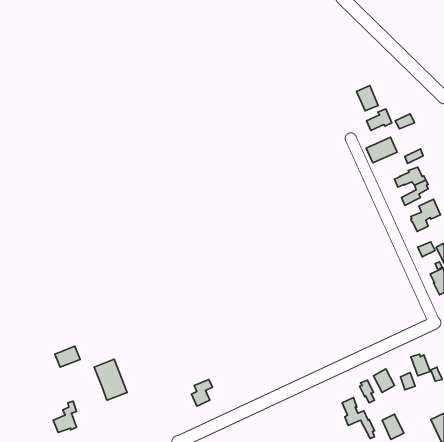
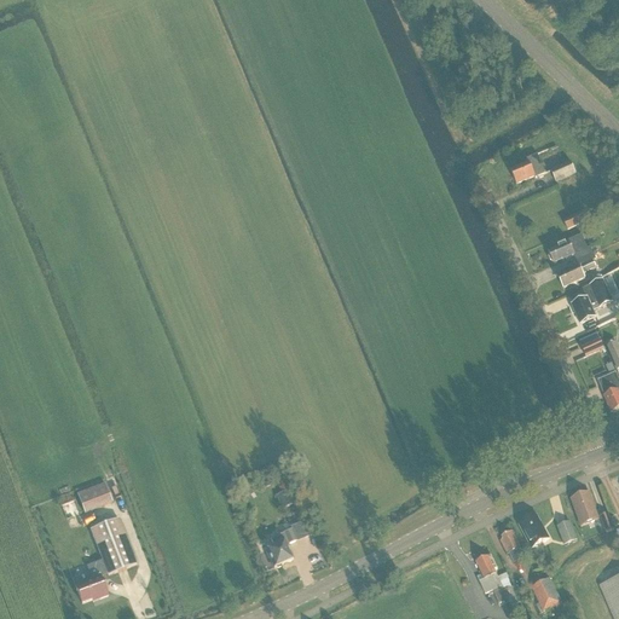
building: [356,86,378,111] -> none
building: [366,137,397,163] -> none
building: [94,359,127,400] -> [89,516,135,573]

